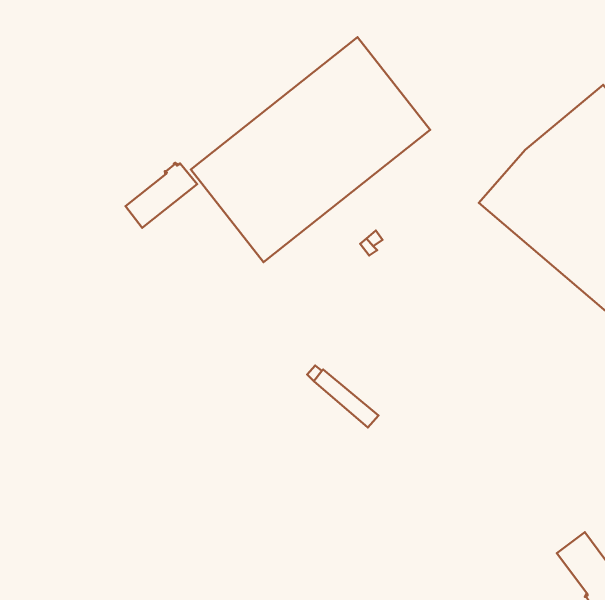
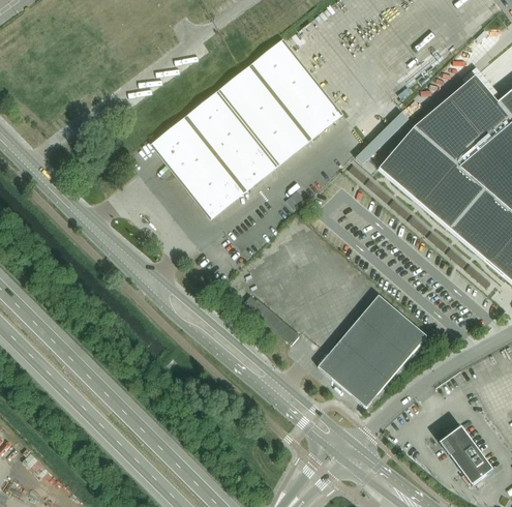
building: [125,163,197,228] -> none
building: none -> [318,295,427,408]

